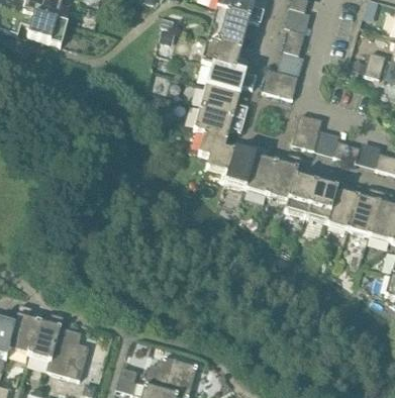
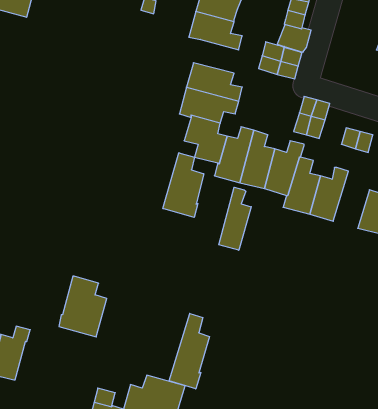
building: [205,65,256,94] -> none
building: none -> [163,153,204,217]
building: [326,179,358,228] -> none
building: none -> [219,187,251,250]
building: none -> [169,313,209,389]
building: [47,326,89,379] -> [59,276,107,337]

